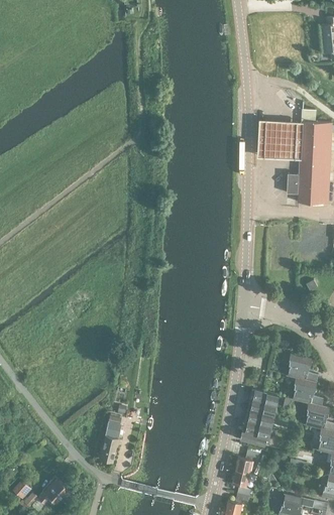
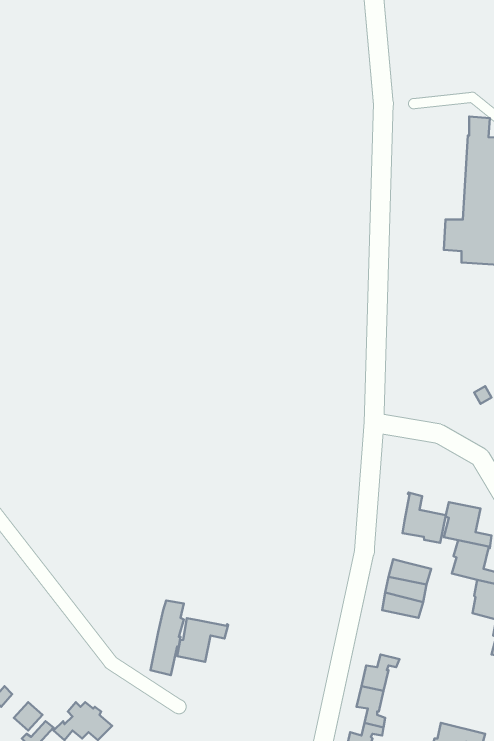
building: [255,121,300,160] -> none
building: none -> [402,493,446,543]
building: [239,422,270,445] -> none
building: none -> [177,618,228,662]

